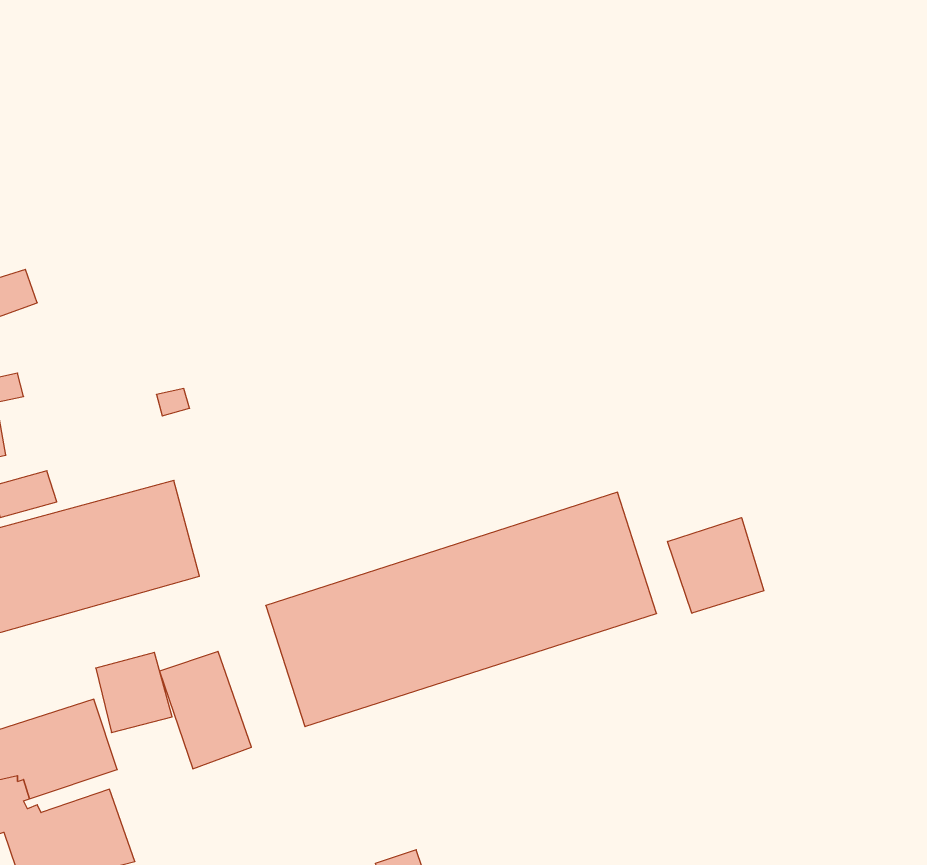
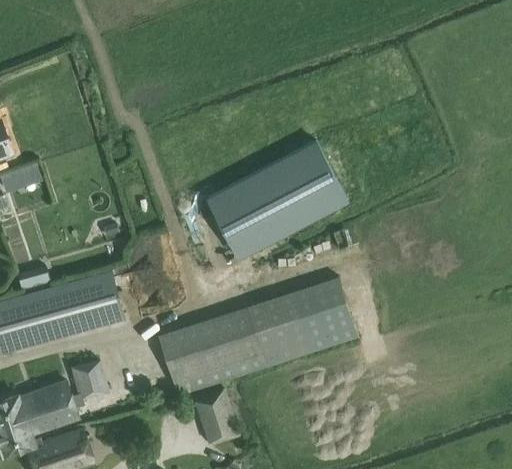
building: none -> [211,140,352,257]
building: [668,518,764,613] -> none
building: [159,651,251,769] -> [193,387,240,447]

